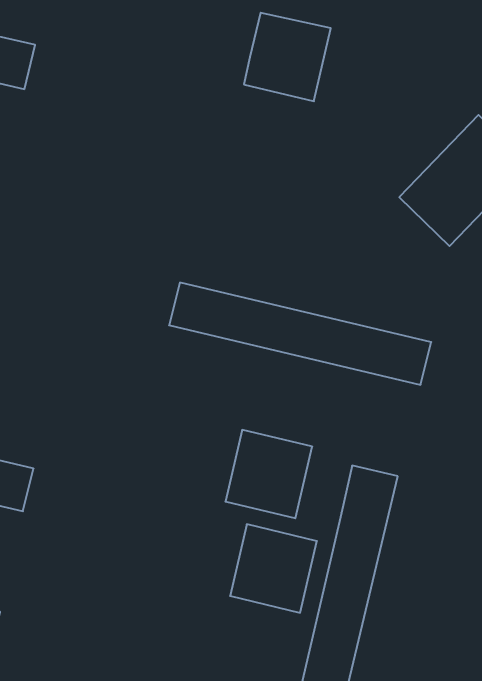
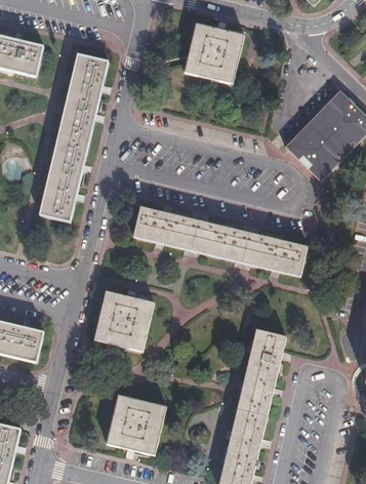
building: none -> [41,54,106,219]
building: [225,430,312,518] -> [95,290,154,350]
building: [230,524,317,613] -> [107,393,165,452]

